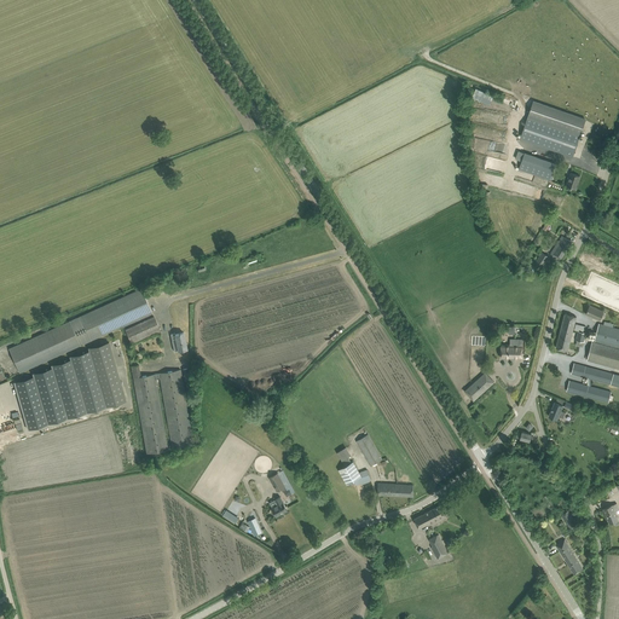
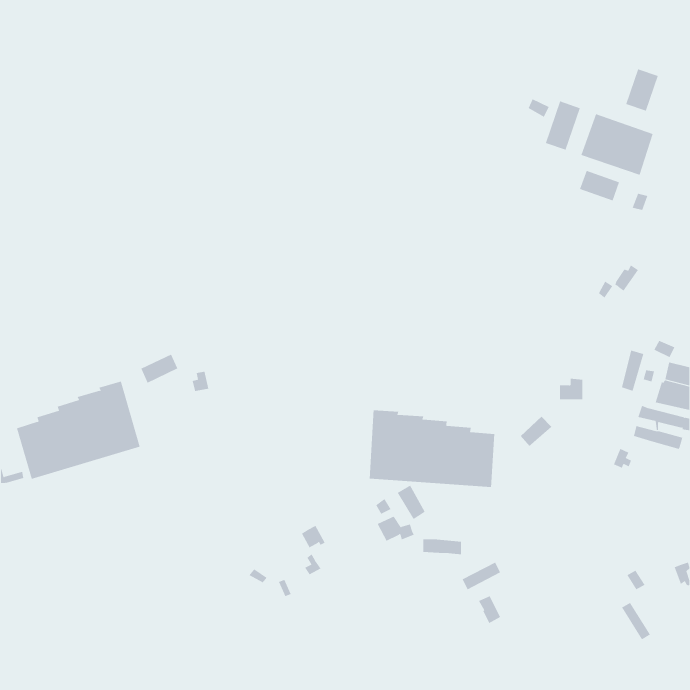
building: none -> [626,68,658,112]
building: none -> [545,101,581,151]
building: [8,288,152,372] -> none
building: [132,364,193,453] -> none
building: none -> [369,410,495,488]

